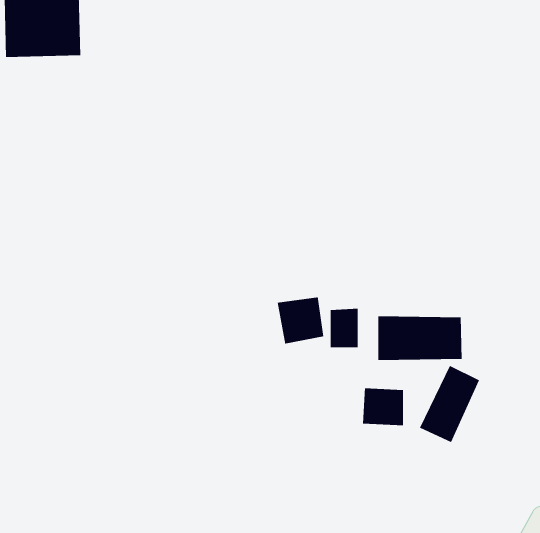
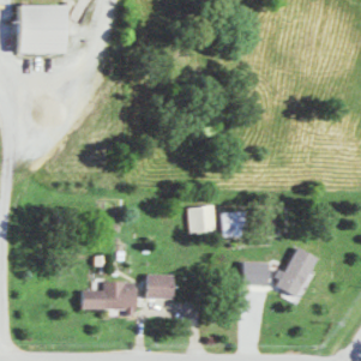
building: [378,316,462,361] -> none
building: none -> [148,273,174,299]
building: none -> [82,282,137,317]

